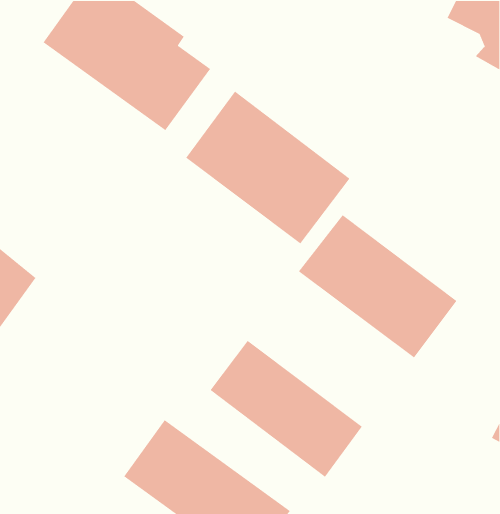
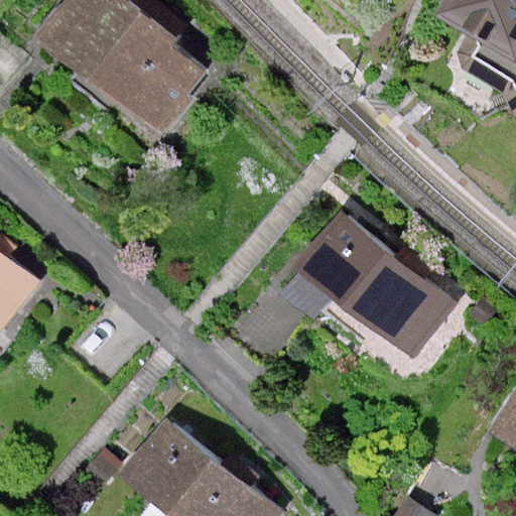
building: [185,90,350,245] -> none
building: [209,340,363,478] -> none

